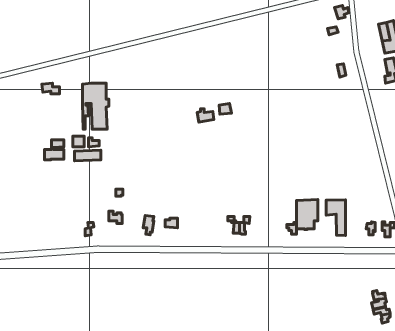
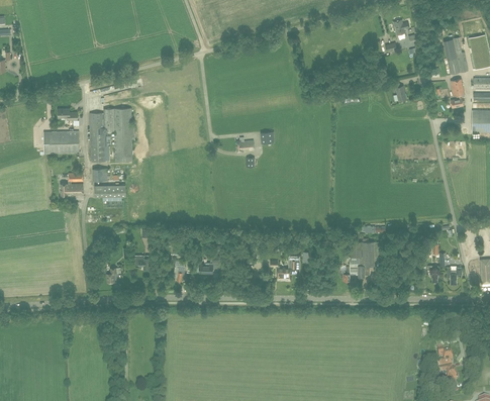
building: none -> [90,113,105,162]
building: none -> [43,131,79,154]
building: [326,200,346,235] -> none

